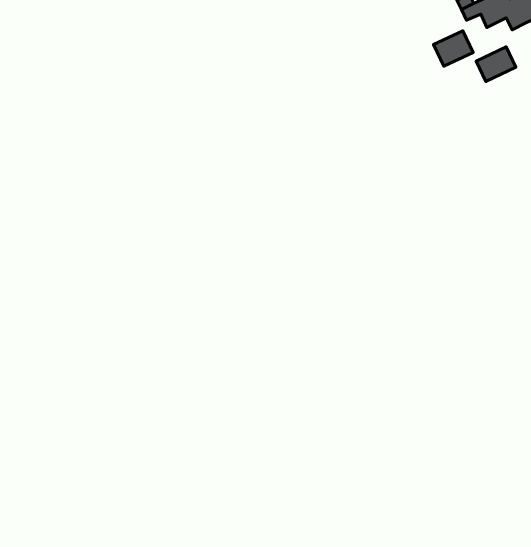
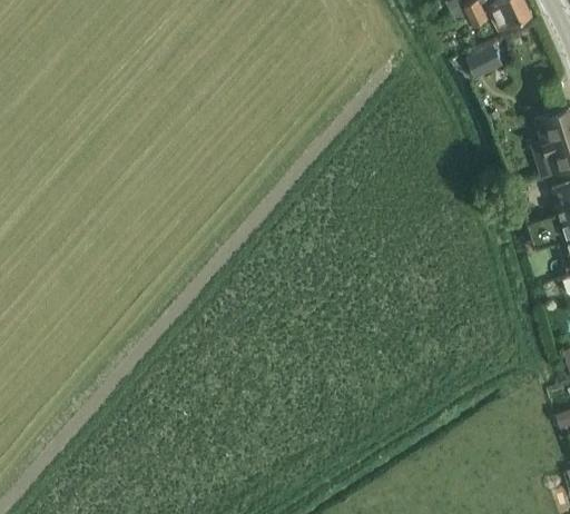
building: [434,31,473,66] -> none

